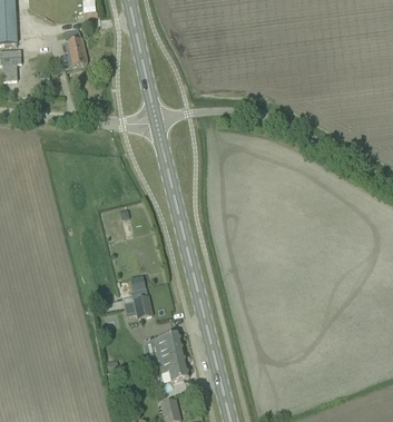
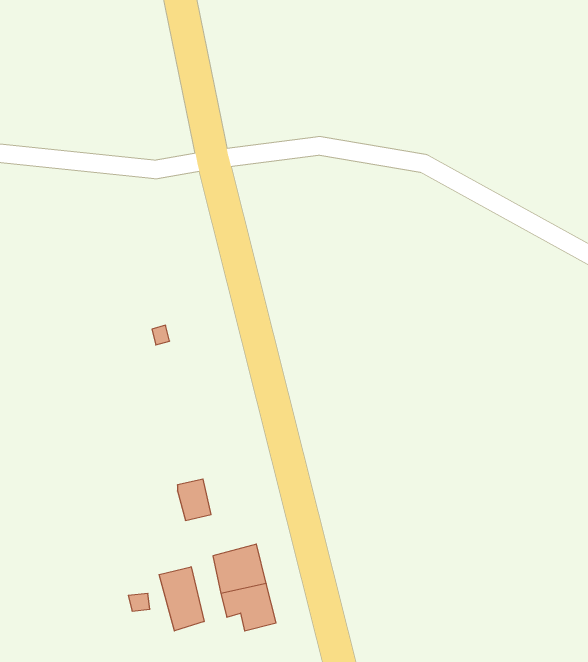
building: [63,28,86,65] -> none
building: none -> [159,567,204,631]

